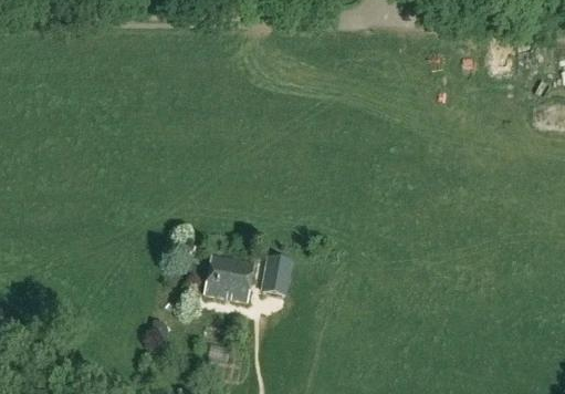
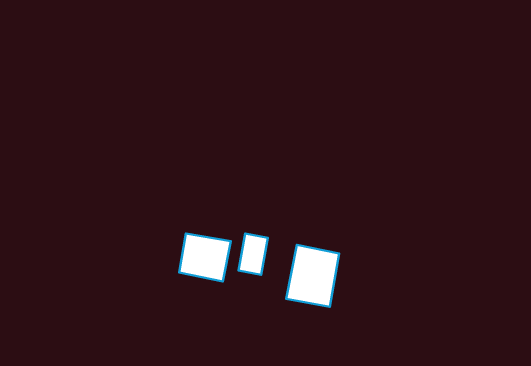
building: none -> [286,245,339,307]

